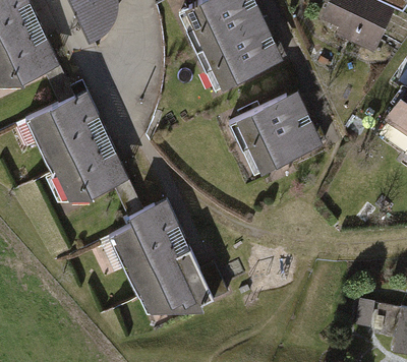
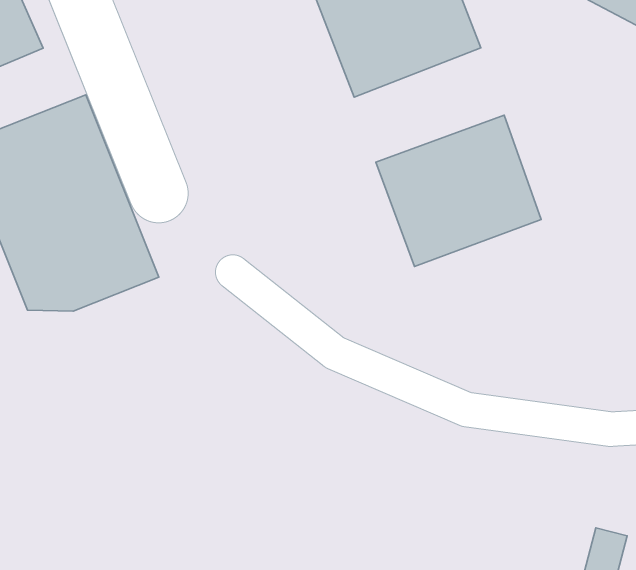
building: [108,207,225,318] -> none

